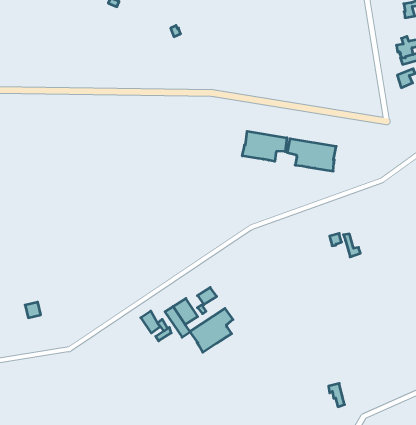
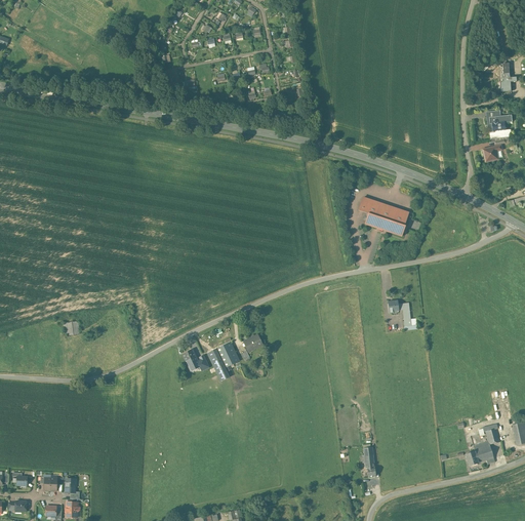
building: [242,131,287,161] -> none
building: [190,308,233,352] -> none

